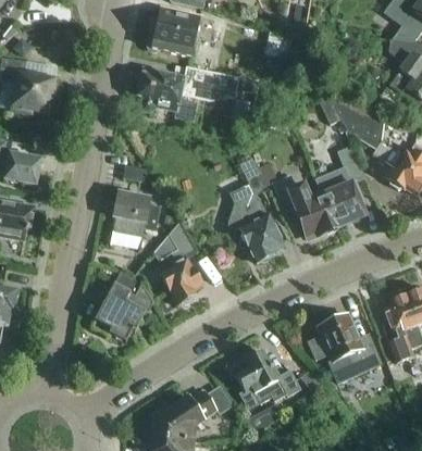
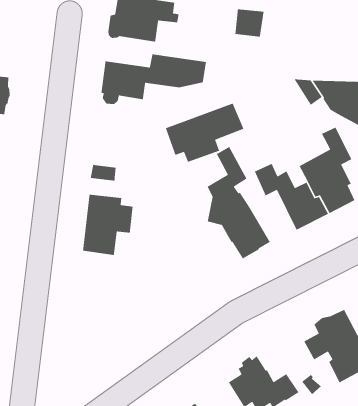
building: none -> [165,102,245,163]
building: [160,222,203,304] -> none
building: [91,271,154,341] -> none

